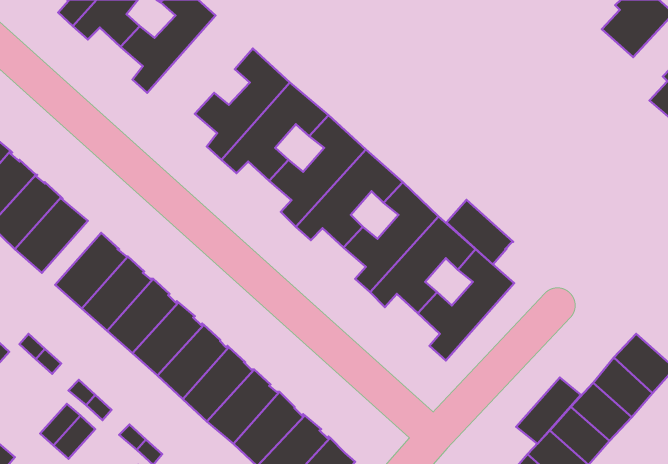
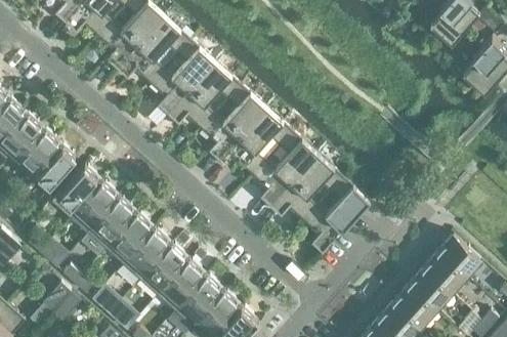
building: none -> [117,15,189,83]
building: [446,200,513,264] -> none
building: [516,378,581,444] -> none

